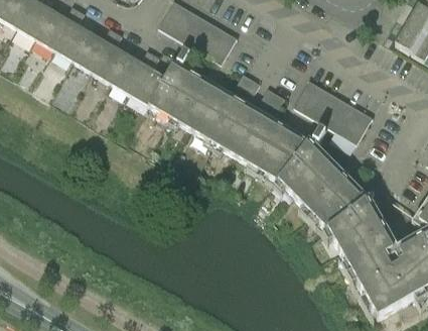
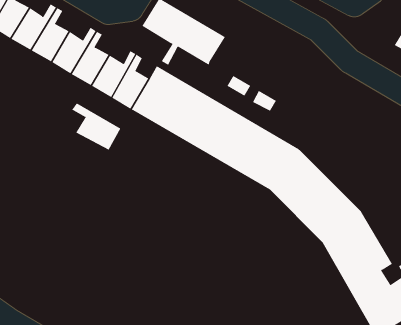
building: [293,79,373,143] -> none
building: none -> [71,102,121,150]

